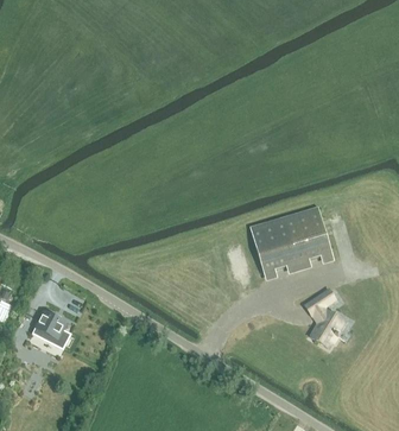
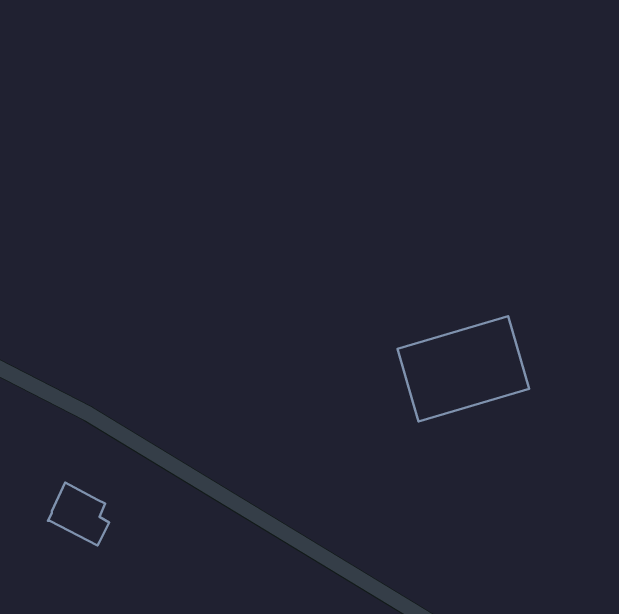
building: [305,290,346,348] -> none

